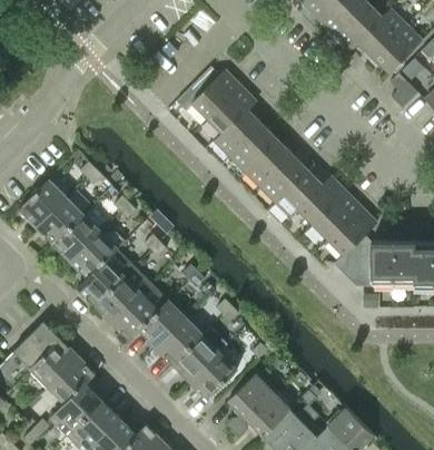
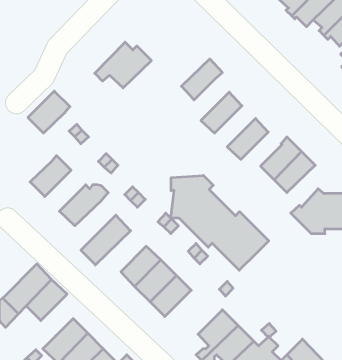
building: [177,66,241,118] -> [95,42,151,88]
building: [215,109,264,157] -> none
building: [247,140,294,187] -> none
building: [277,170,324,217] -> none
building: [19,179,67,227] -> [28,91,70,133]
building: [329,208,377,256] -> none
building: [53,214,100,261] -> none
building: none -> [171,175,269,270]
building: [78,248,135,305] -> none
building: [111,283,169,341] -> none
building: [190,351,238,399] -> none
building: [49,355,96,403] -> none

